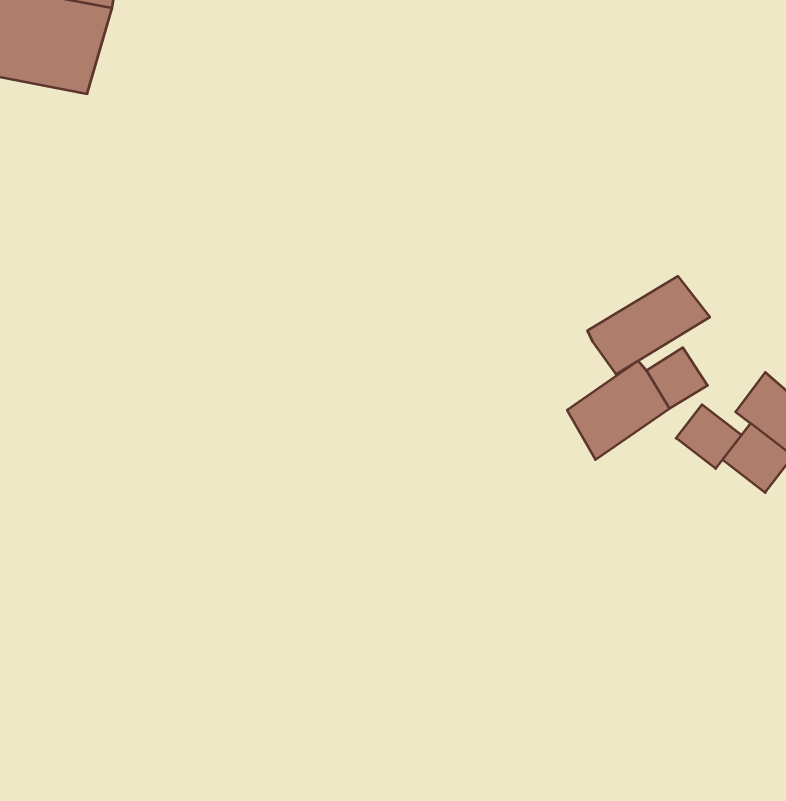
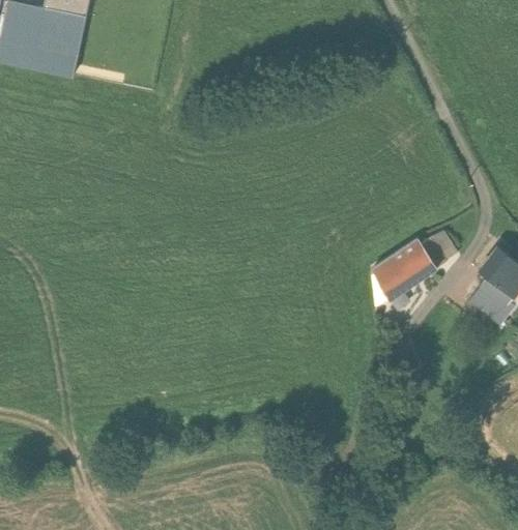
building: [588,276,710,374] -> none
building: [676,405,741,469] -> none

